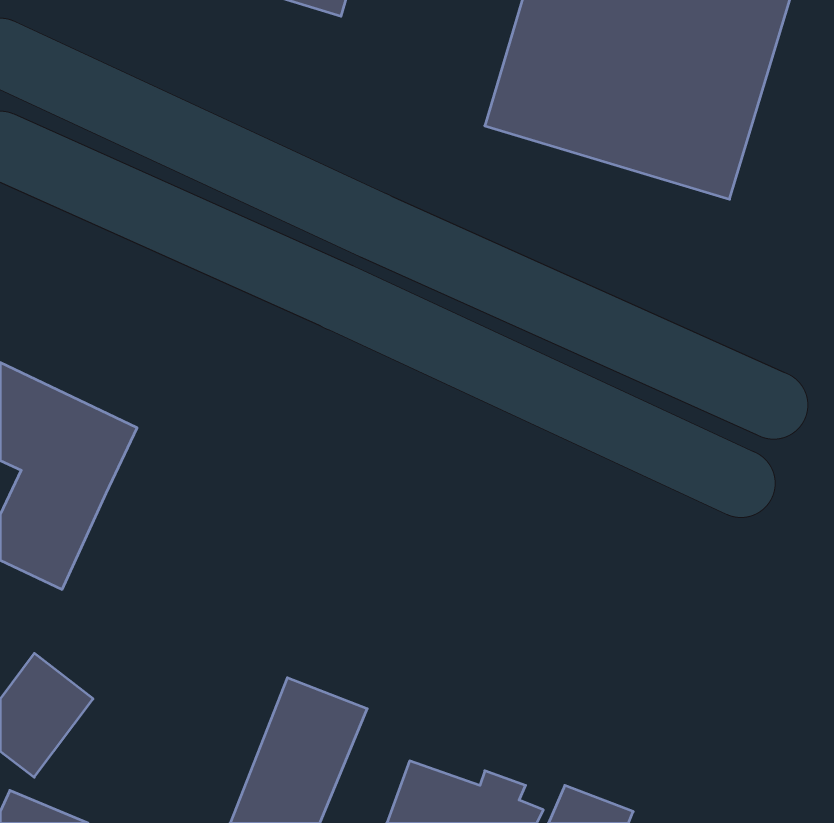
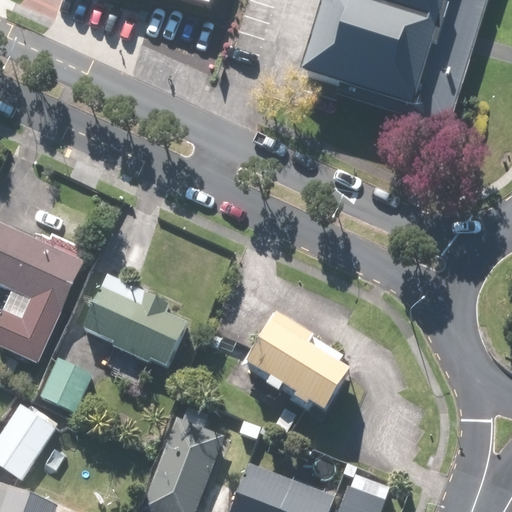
building: none -> [80,284,187,367]
building: none -> [242,312,348,412]
building: none -> [40,356,93,411]

